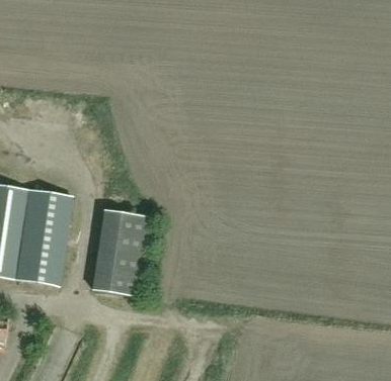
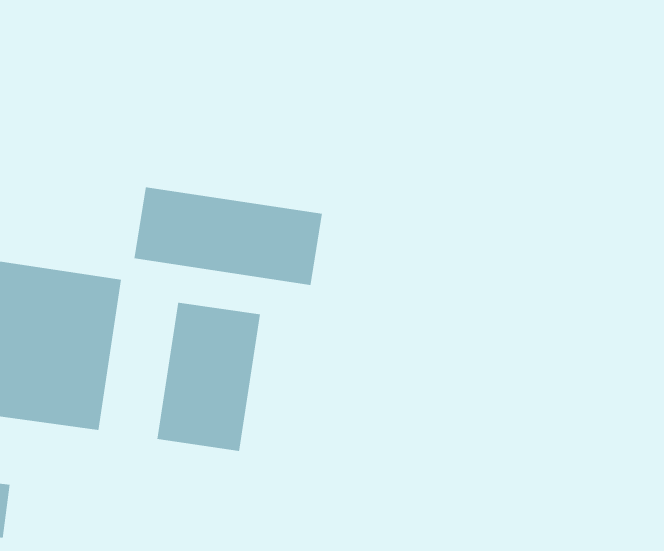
building: none -> [134,186,323,286]

